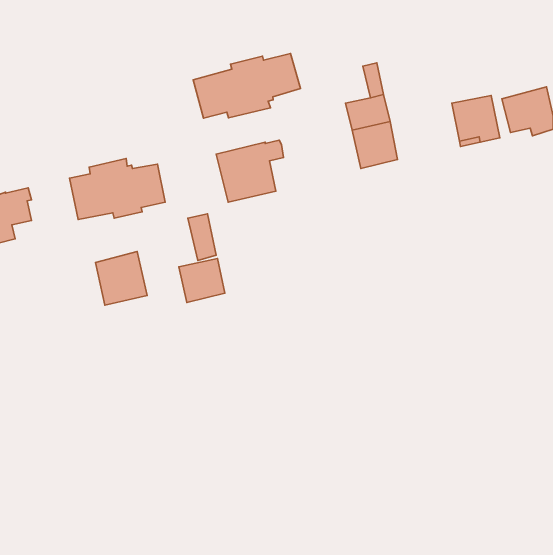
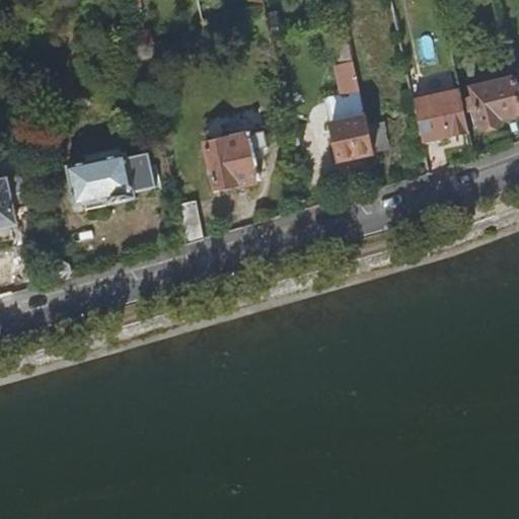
building: [193,54,300,118] -> none
building: [95,252,147,305] -> none
building: [179,258,225,303] -> none

